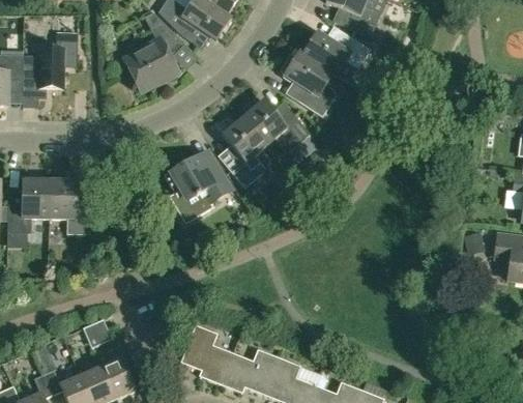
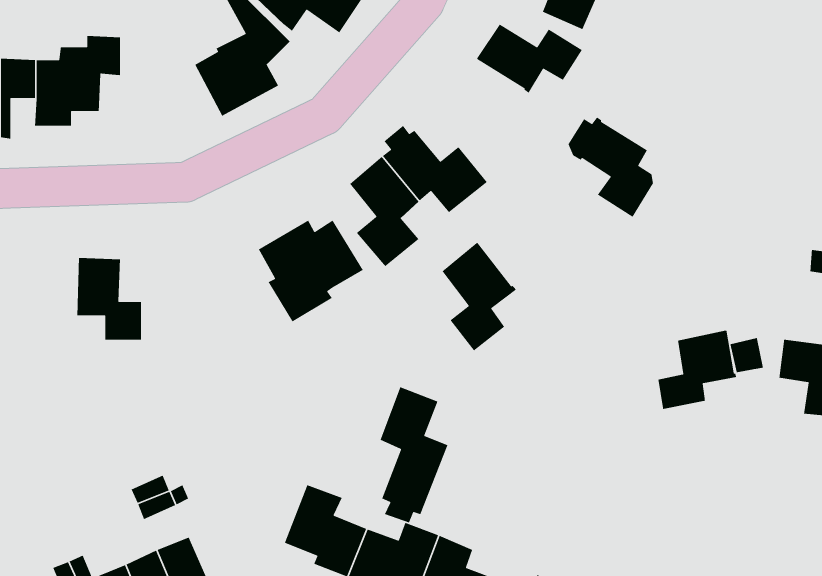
building: [281,52,336,116] -> [567,116,654,218]
building: none -> [442,242,517,352]
building: [7,174,50,232] -> none
building: none -> [657,330,737,410]
building: none -> [379,386,449,524]

